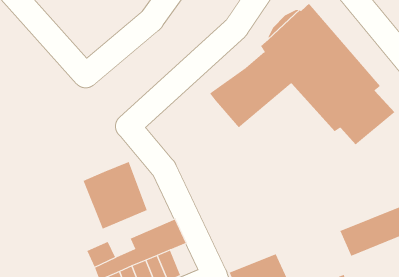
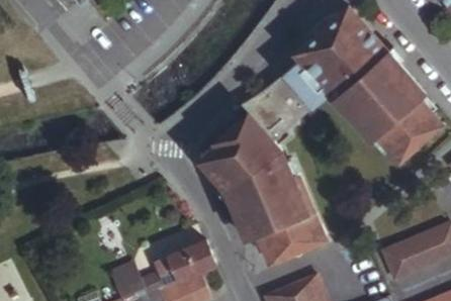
building: none -> [201,111,324,261]
building: [83,161,148,230] -> none

